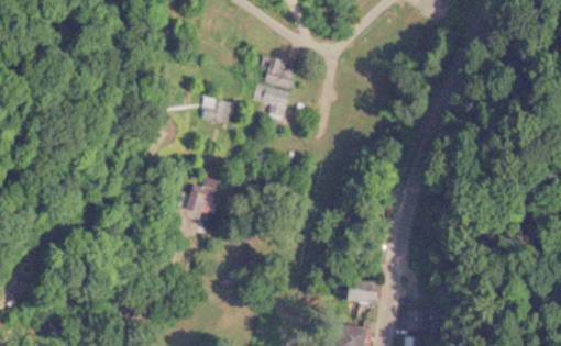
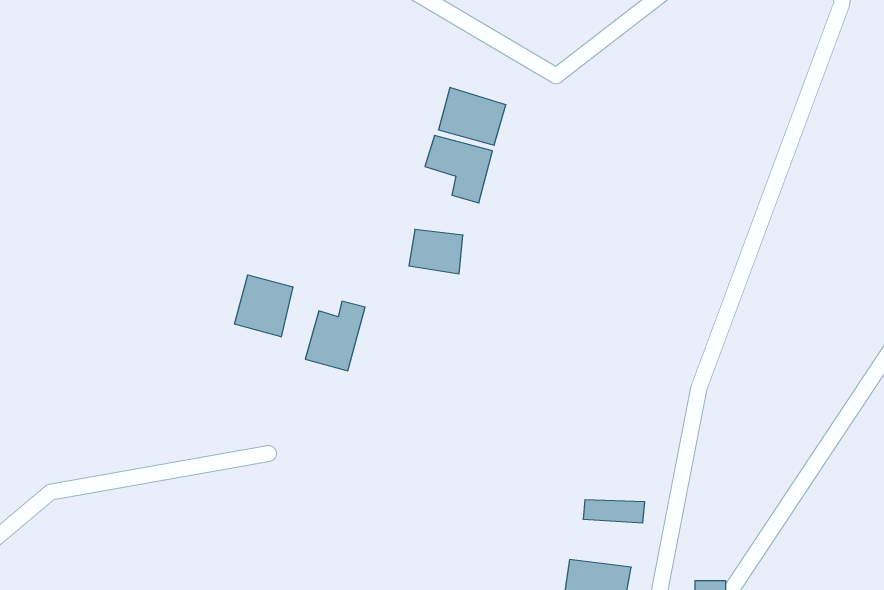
building: [199,99,230,124] -> [409,229,463,274]
building: none -> [234,275,293,337]

